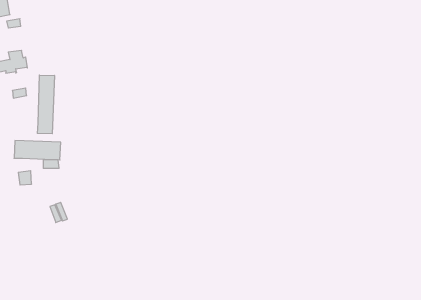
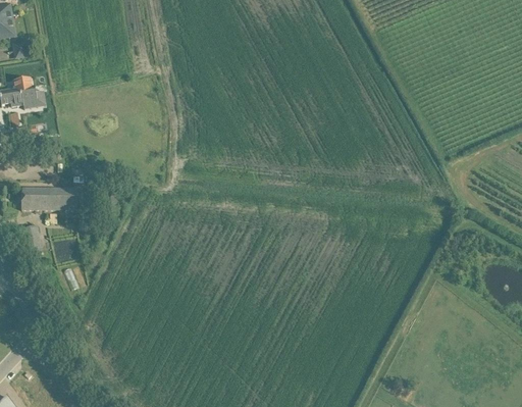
building: [37,75,54,134] -> none

